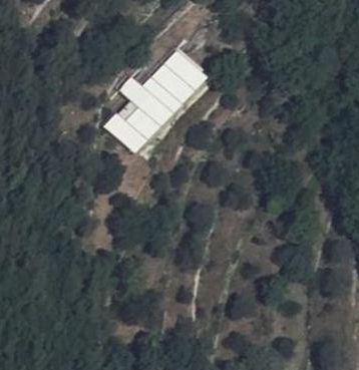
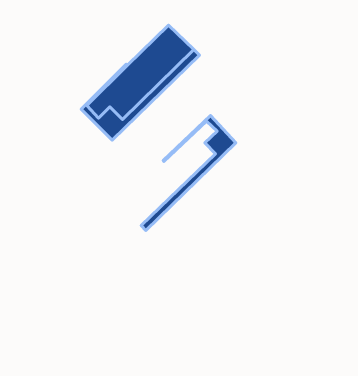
building: none -> [141,116,236,230]

